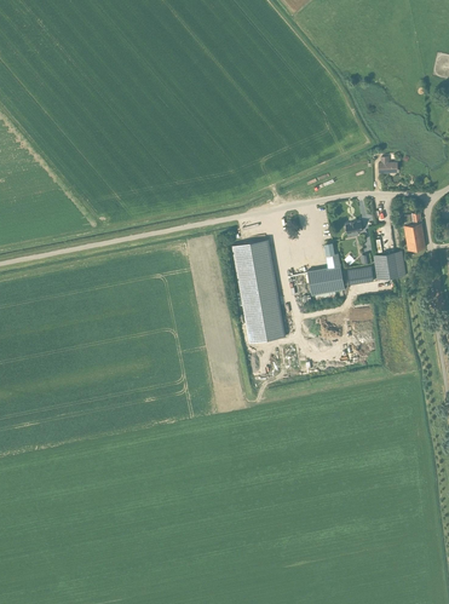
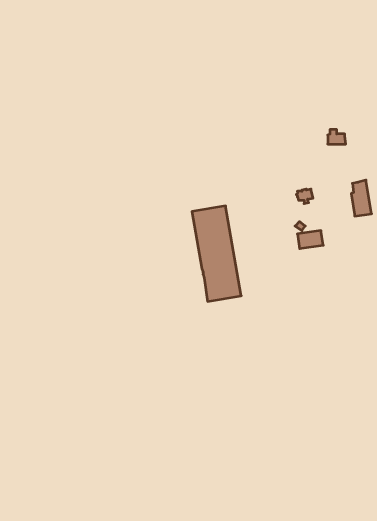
building: [307,245,345,295] -> none
building: [374,252,405,281] -> none

